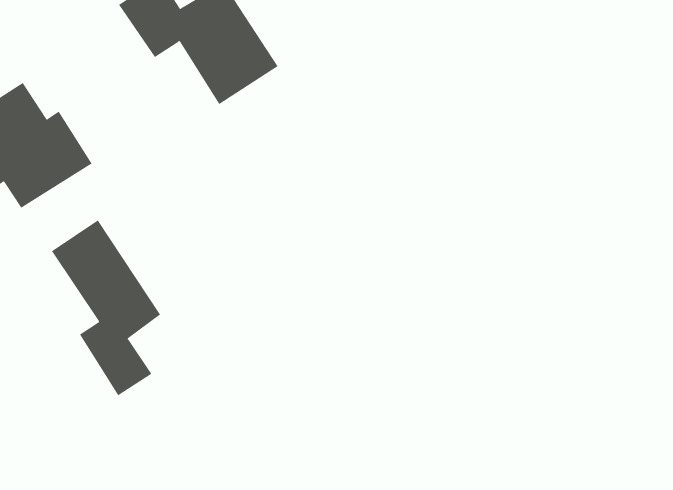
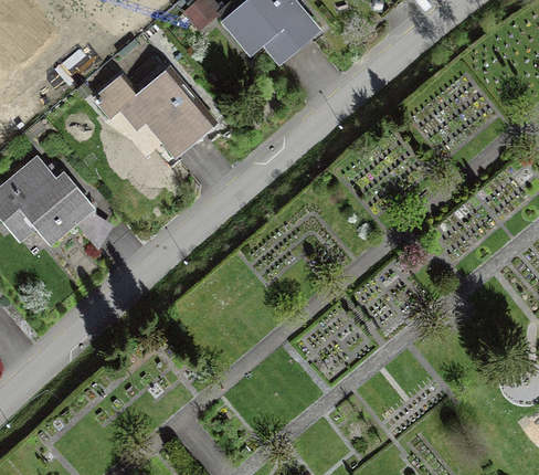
building: [51,219,161,396] -> none

